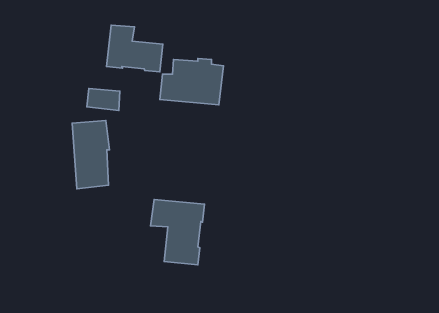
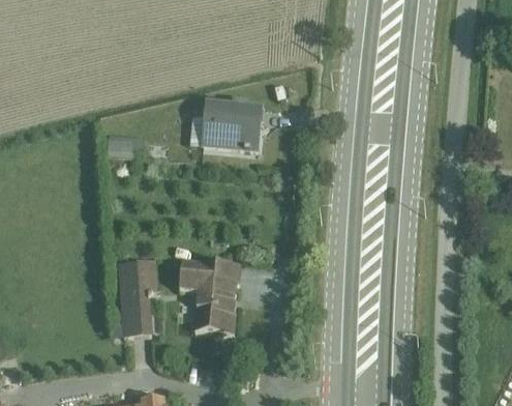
building: [106,25,163,72] -> none
building: [72,121,109,189] -> [116,259,158,337]

